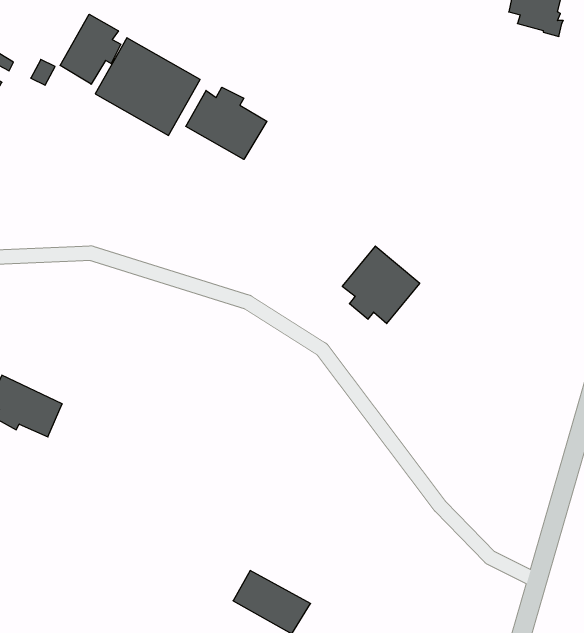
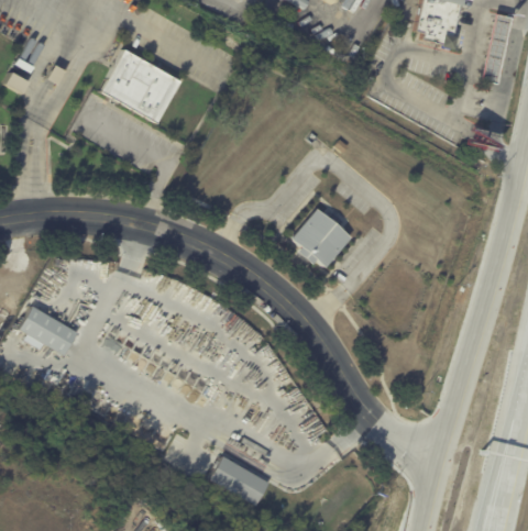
building: [60,14,121,84] -> none
building: [186,87,267,159] -> none

